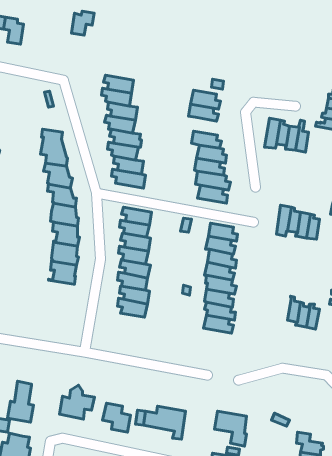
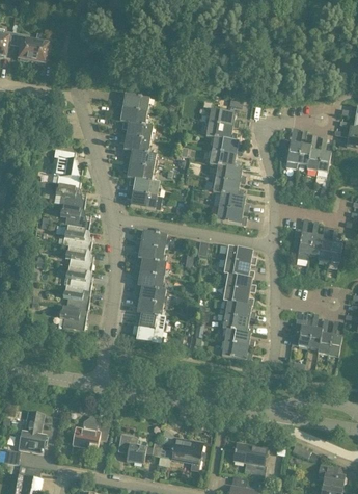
building: [71,11,94,35] -> [31,37,55,62]
building: none -> [211,136,242,156]
building: none -> [58,306,86,331]
building: none -> [291,321,312,347]

